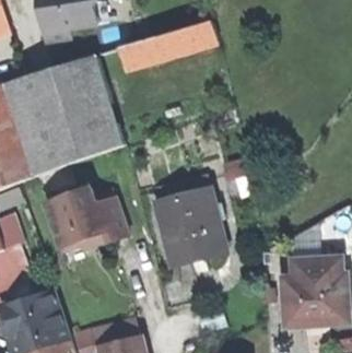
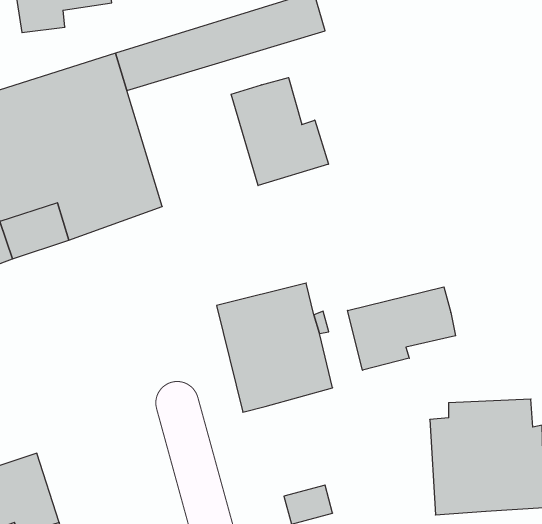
building: none -> [231,78,328,186]
building: [43,187,126,247] -> none
building: none -> [348,287,456,370]

